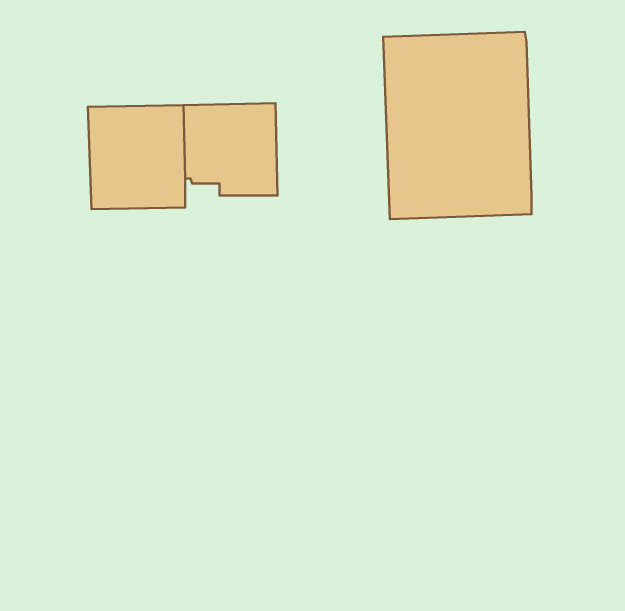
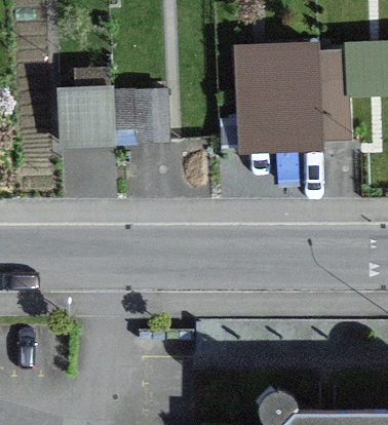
building: none -> [320,46,374,141]

